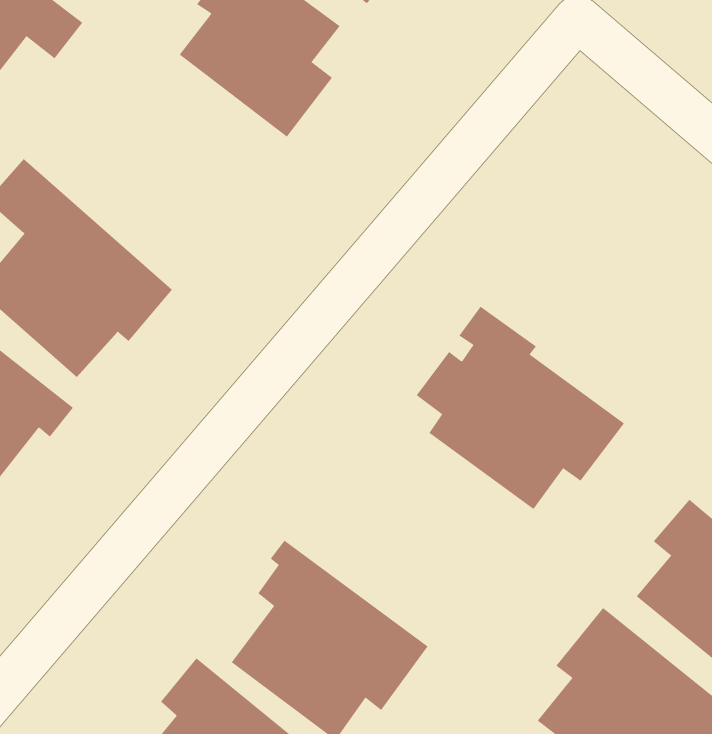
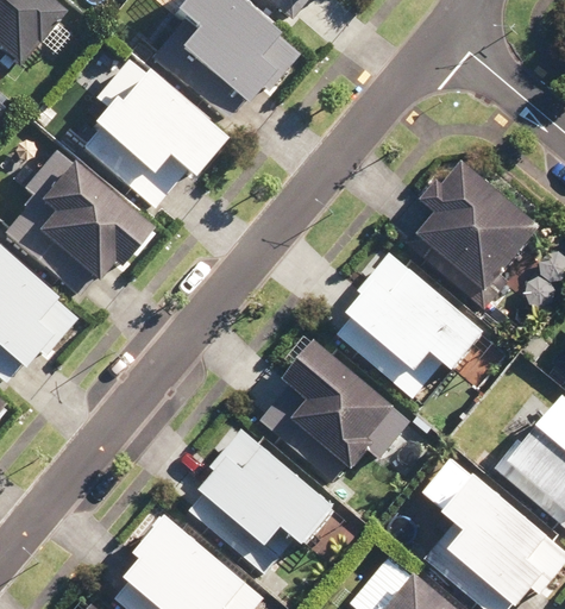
building: none -> [79,59,218,206]
building: none -> [413,163,547,301]
building: none -> [263,334,401,479]

